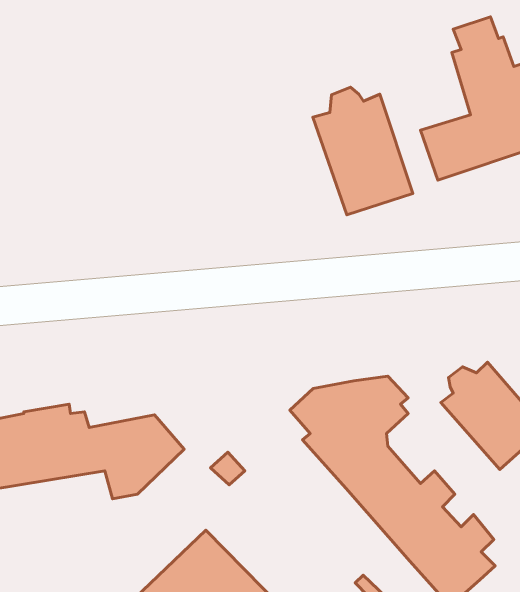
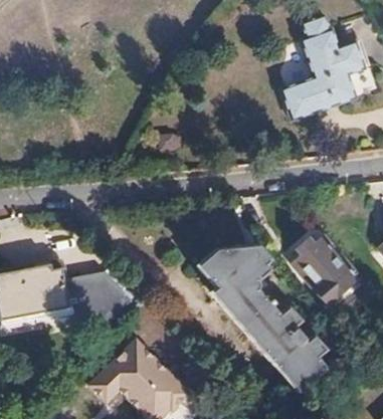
building: [313,87,413,215] -> none

